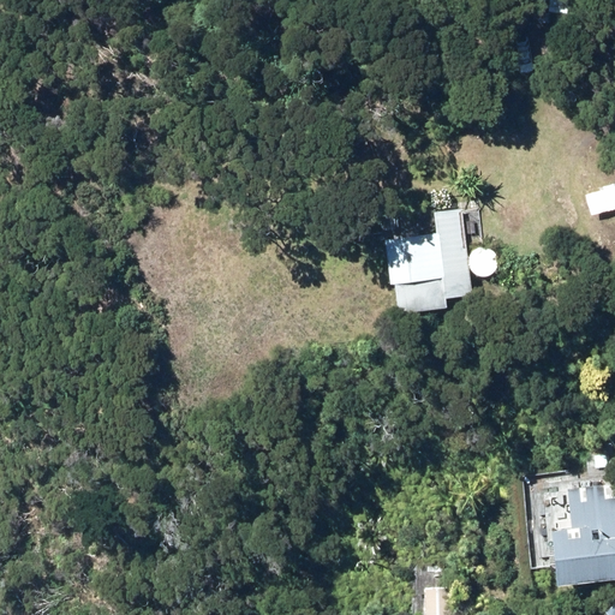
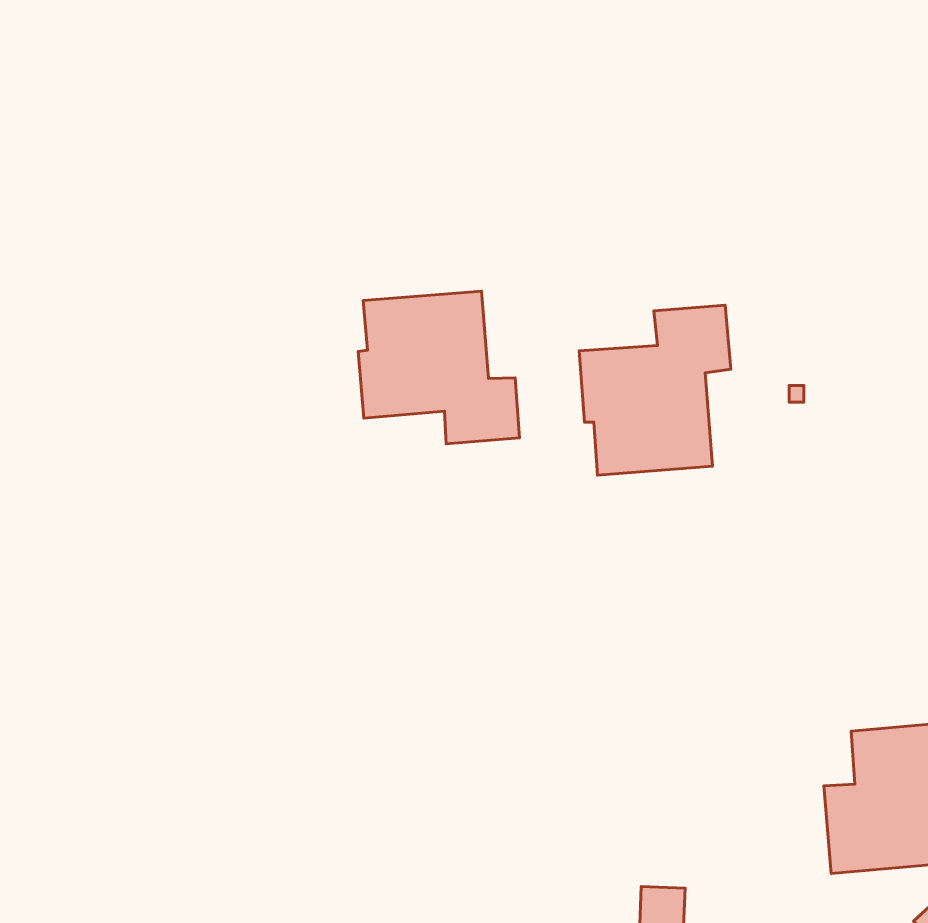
building: none -> [358,291,519,444]

